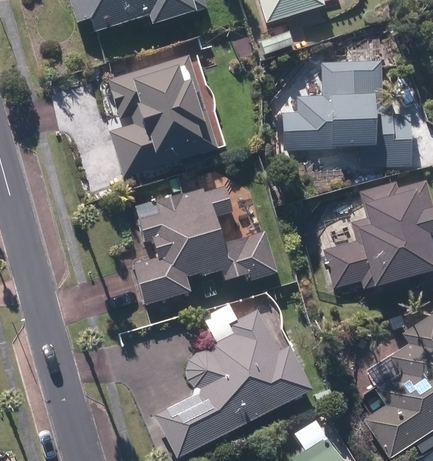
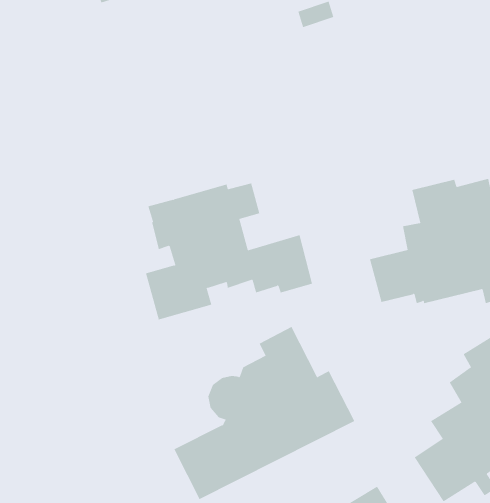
building: [109,48,227,176] -> none
building: [279,49,409,167] -> none

